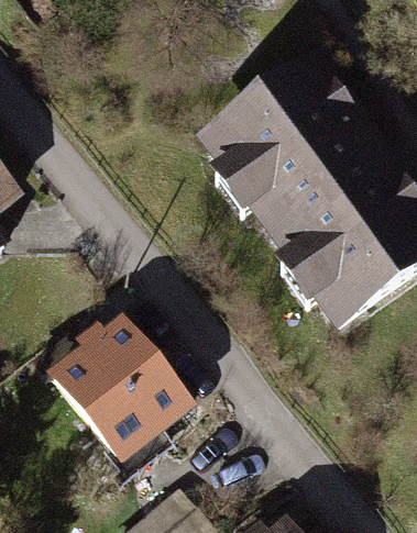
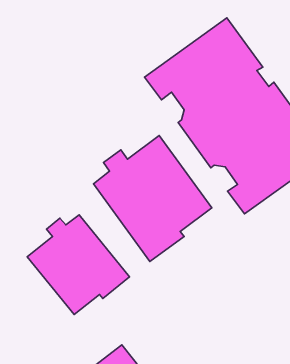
building: none -> [93,136,212,261]

